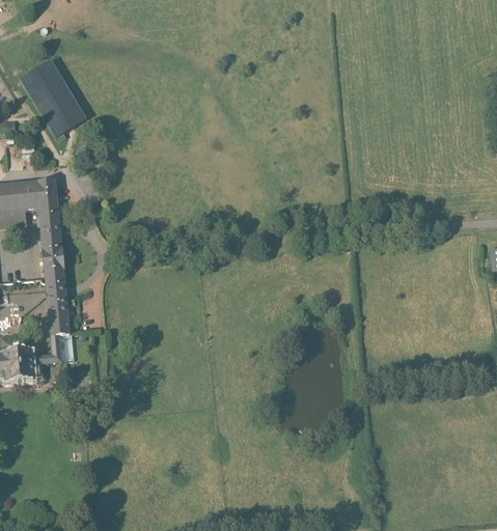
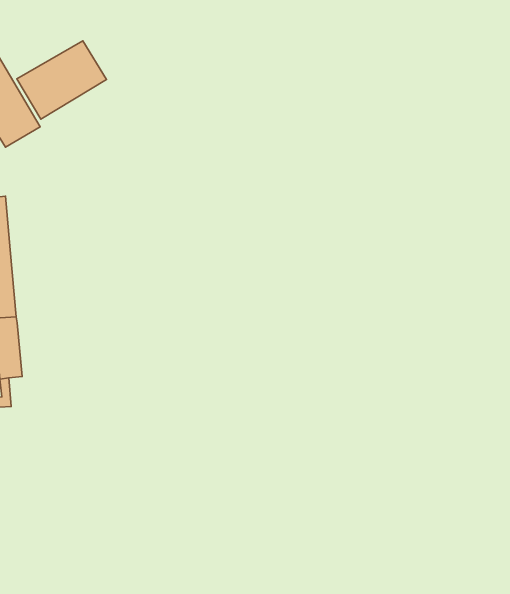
building: none -> [17,41,107,119]

